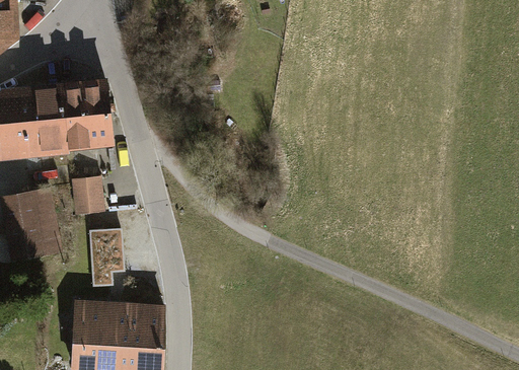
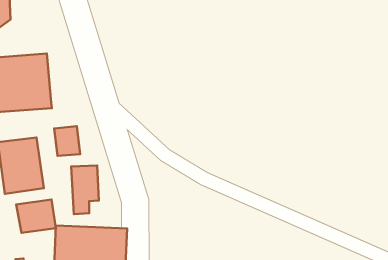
building: [62,77,115,147] -> none
building: none -> [16,200,56,233]

